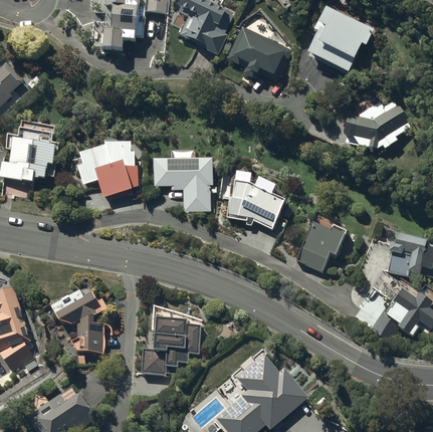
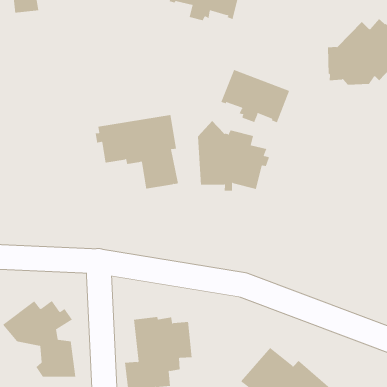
building: none -> [220,69,290,123]
building: [76,139,138,200] -> none
building: [297,220,346,270] -> none

